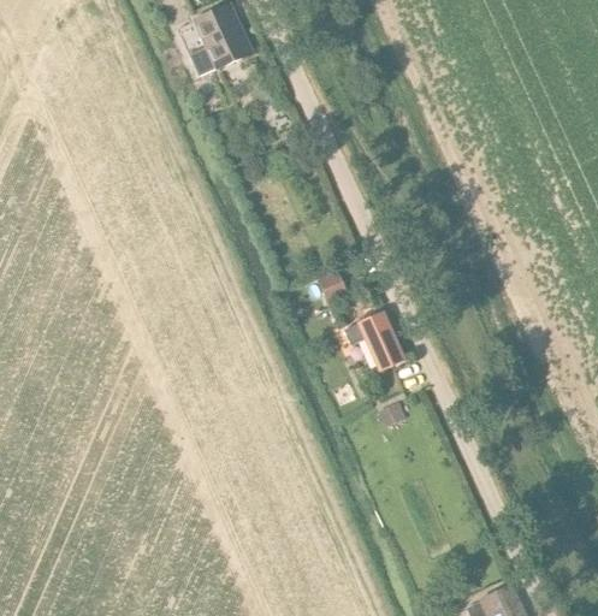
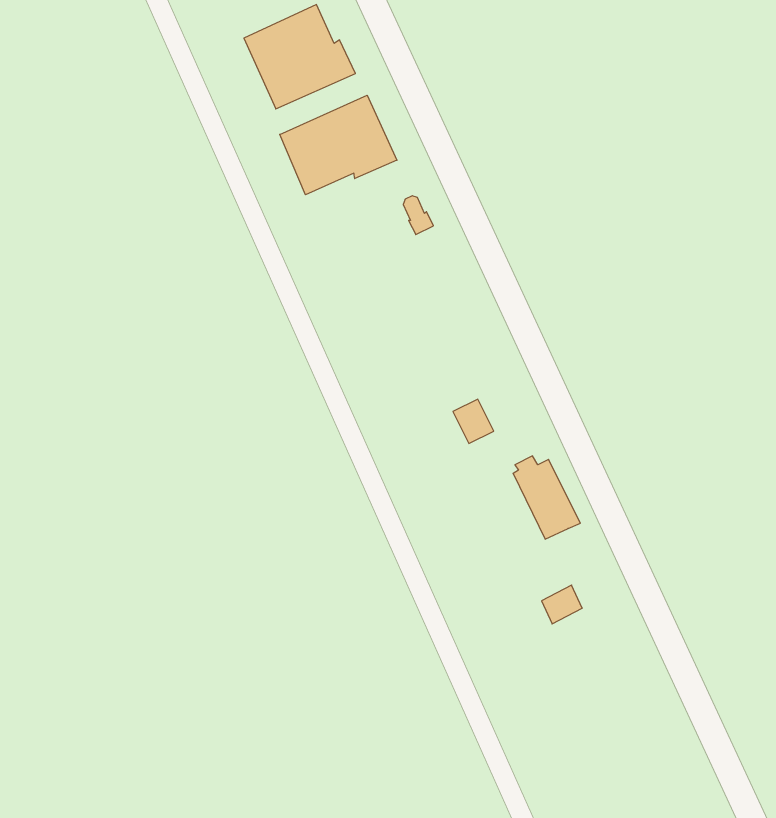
building: none -> [280,95,397,195]

